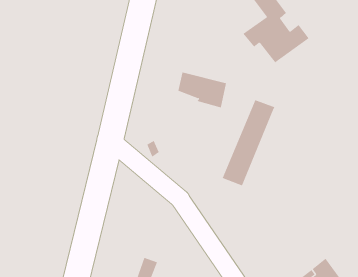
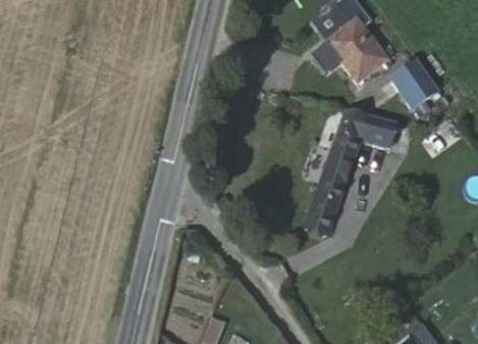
building: none -> [395,67,441,115]
building: [177,72,227,108] -> [338,109,396,152]

